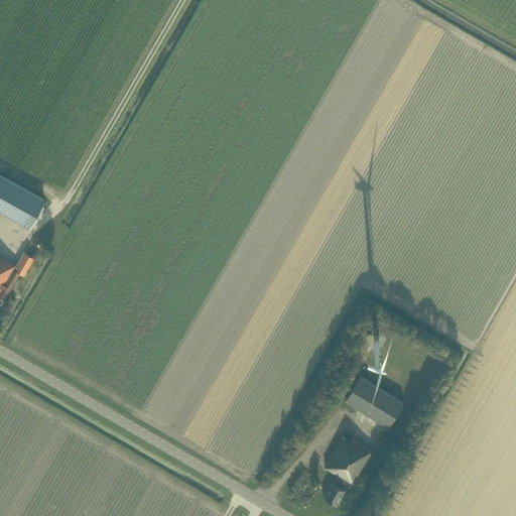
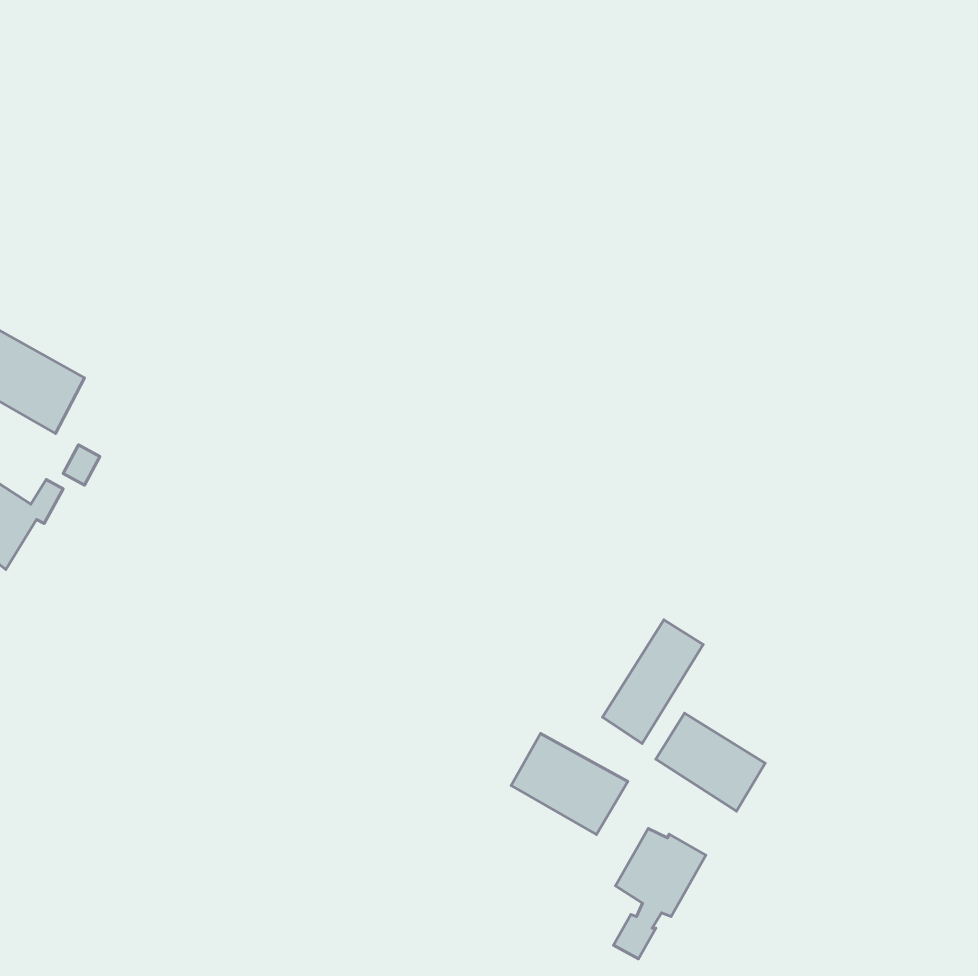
building: none -> [603,620,703,744]
building: none -> [511,734,628,835]

